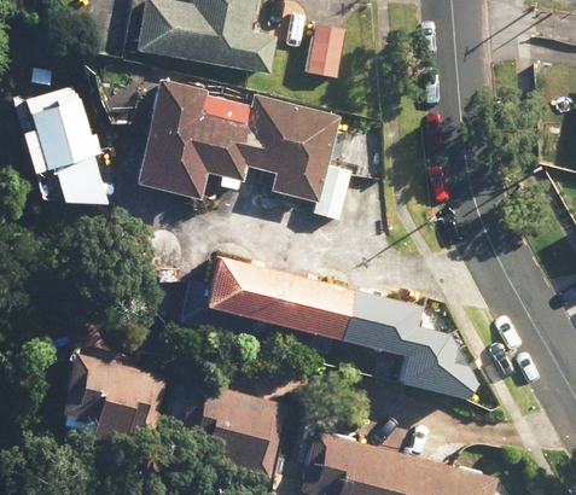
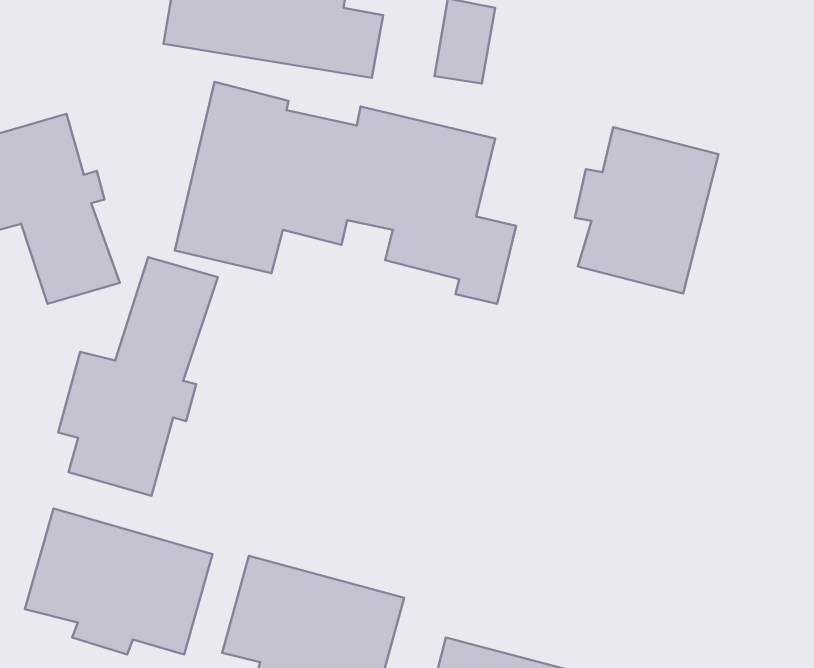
building: none -> [575,127,719,293]
building: none -> [58,257,218,496]
building: [179,256,485,396] -> none

